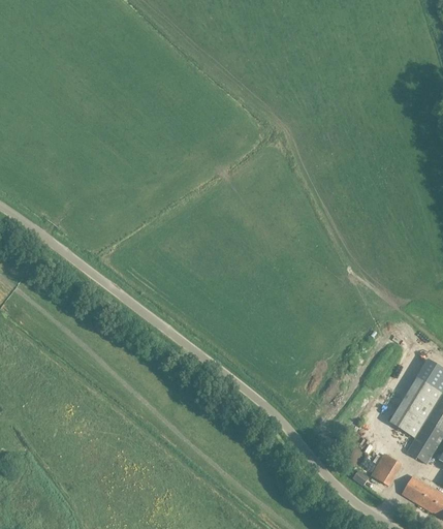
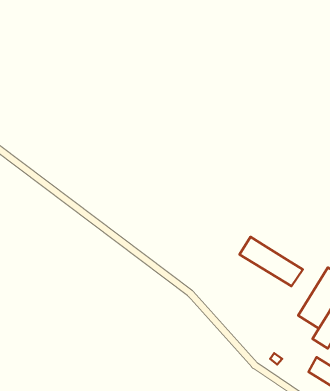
building: none -> [240,237,303,286]
building: [371,454,401,485] -> none

